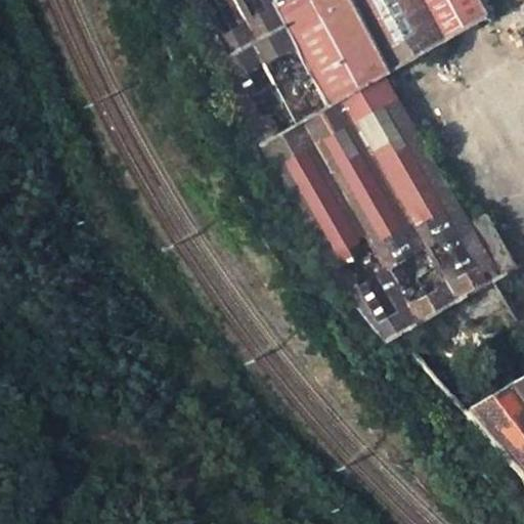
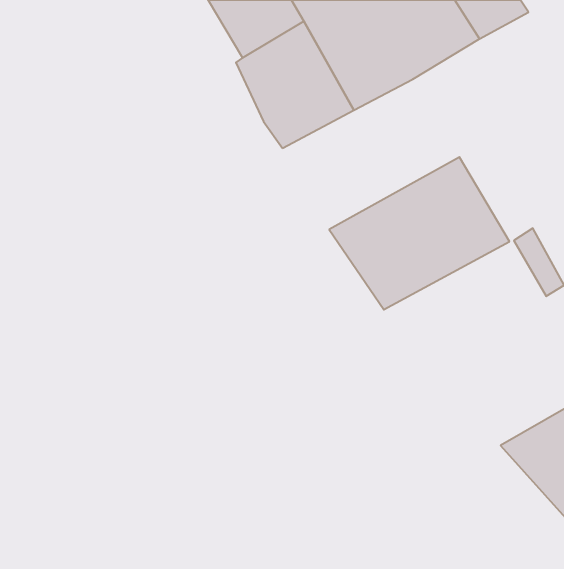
building: [264,73,427,211] -> none
building: [357,222,504,333] -> none

